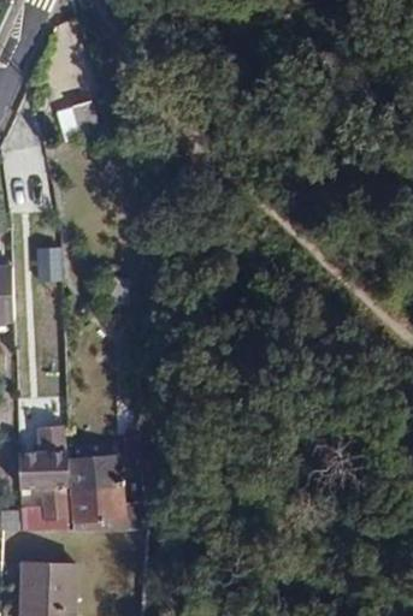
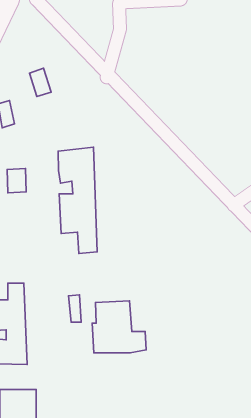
building: none -> [58,147,97,253]
building: [67,454,146,529] -> [92,301,146,353]

